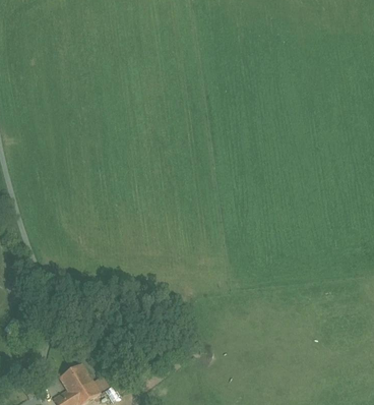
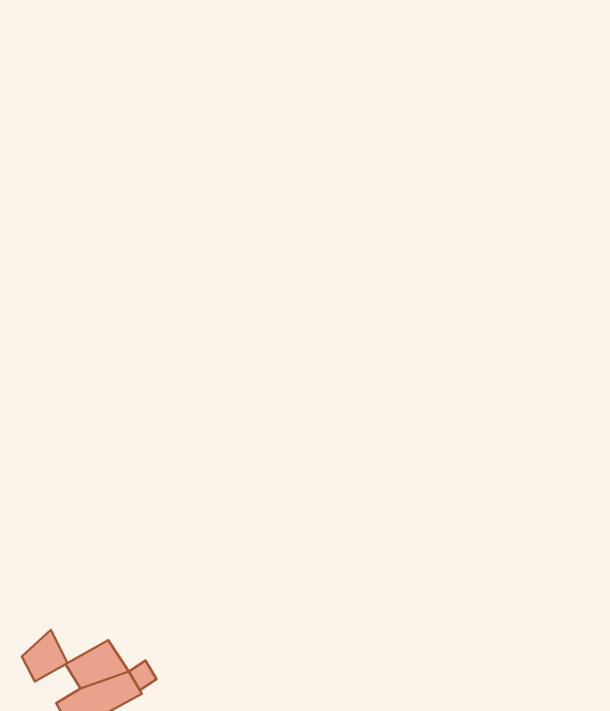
building: none -> [22,630,68,682]

